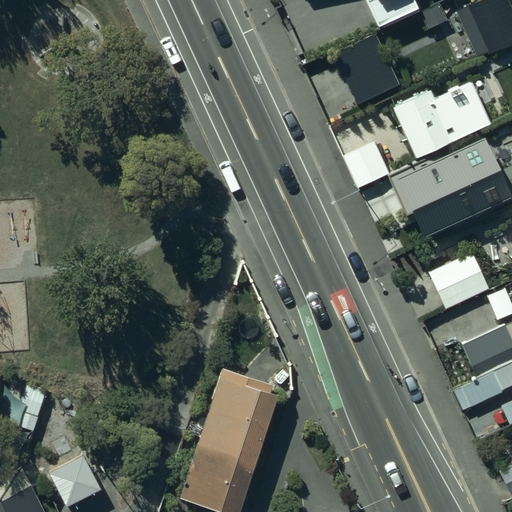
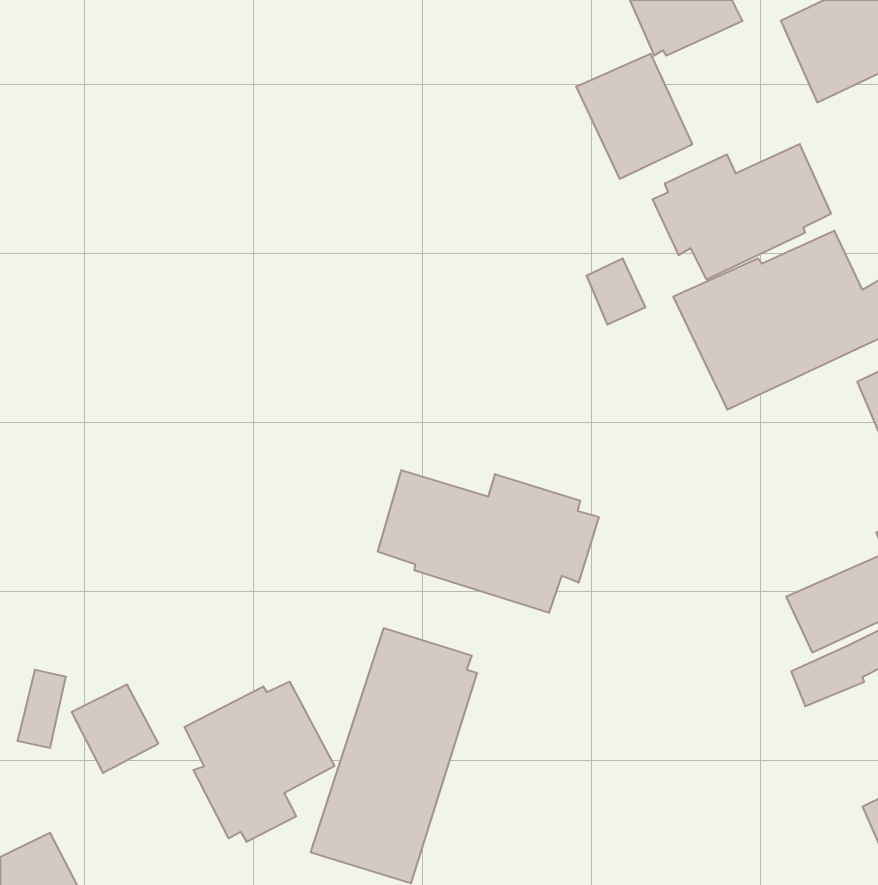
building: [426,254,485,311] -> none
building: none -> [378,470,599,613]
building: none -> [185,682,334,842]
building: [53,453,103,504] -> [72,684,158,773]

